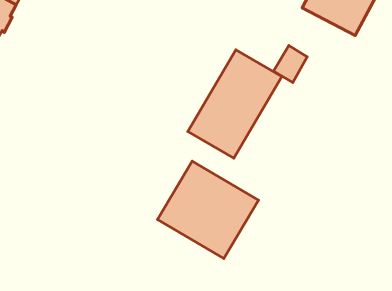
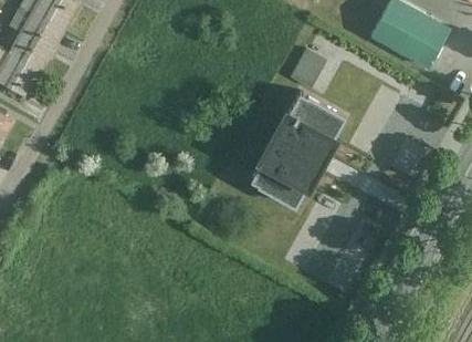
building: [273,46,307,82] -> [290,44,326,84]
building: [158,161,258,258] -> none

